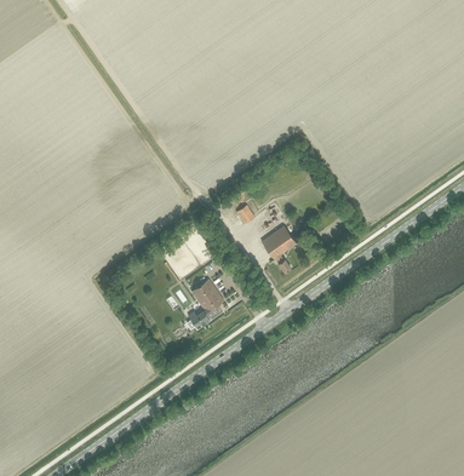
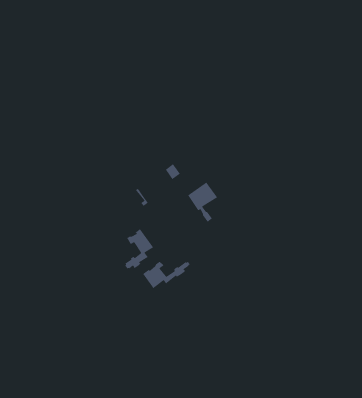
building: none -> [142,261,191,289]

